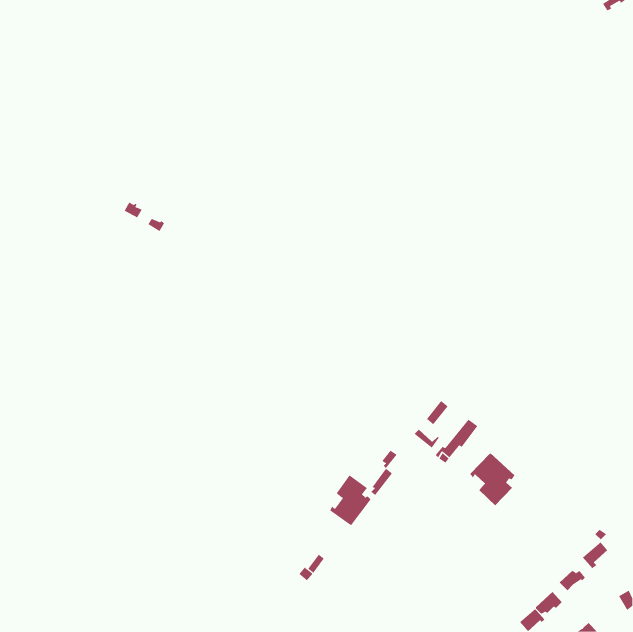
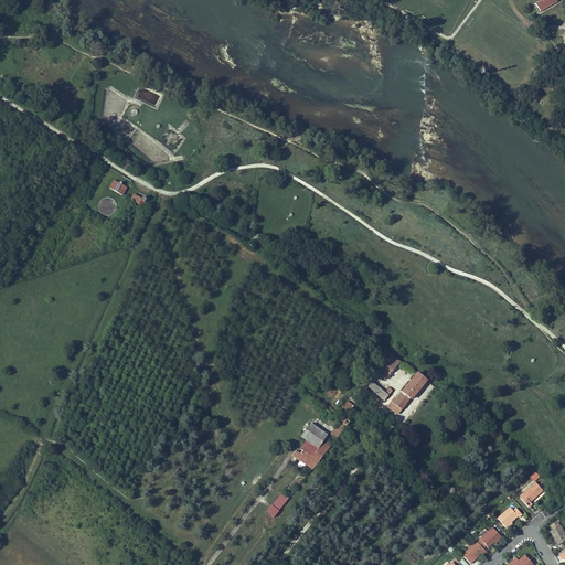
building: [469,453,515,506] -> none

